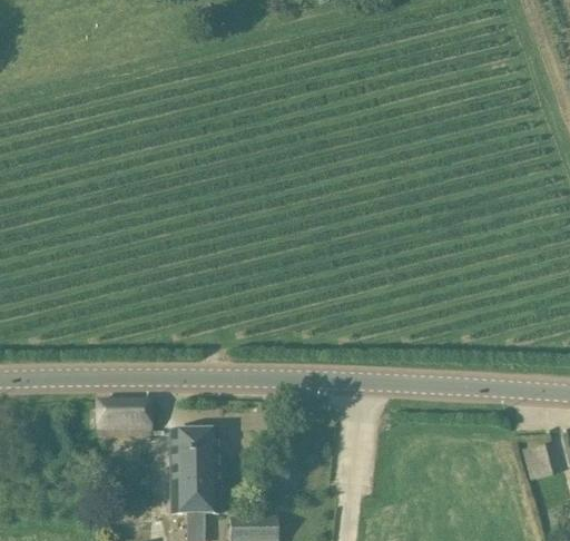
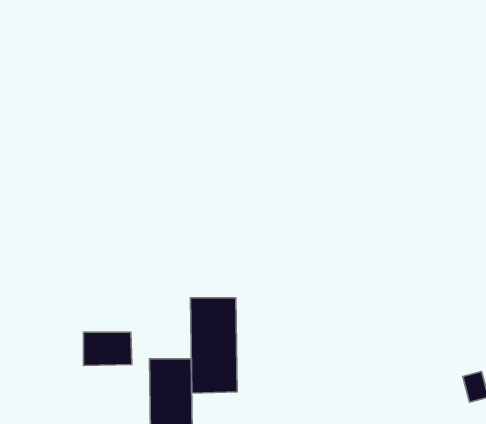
building: none -> [191,298,237,393]

